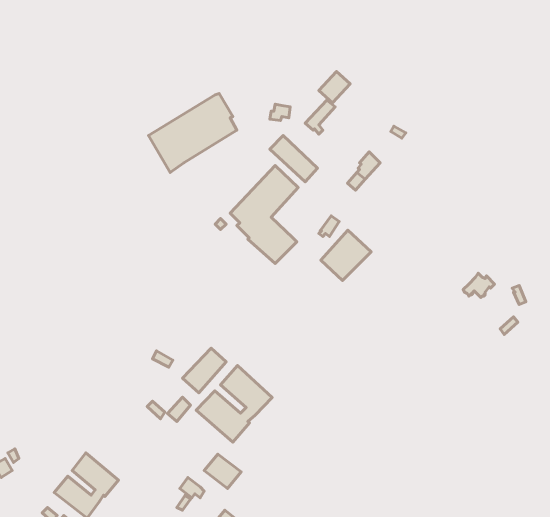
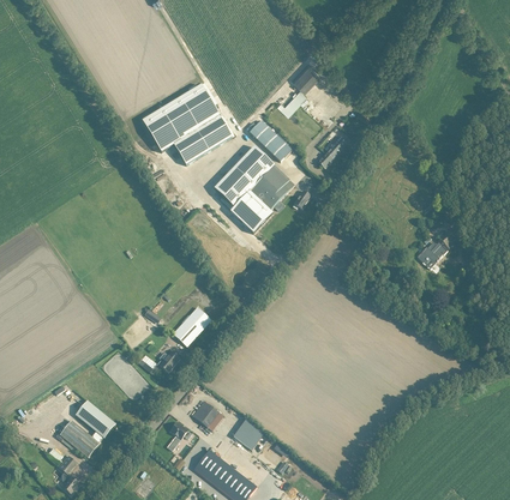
building: none -> [173,115,234,164]
building: [321,230,371,280] -> [250,165,294,210]
building: [196,366,272,442] -> none
building: none -> [235,420,266,451]

